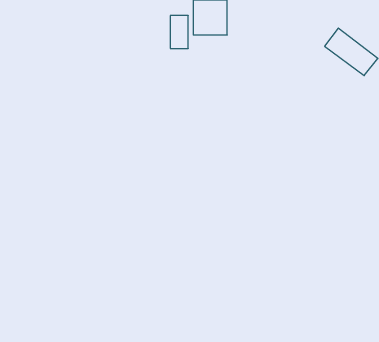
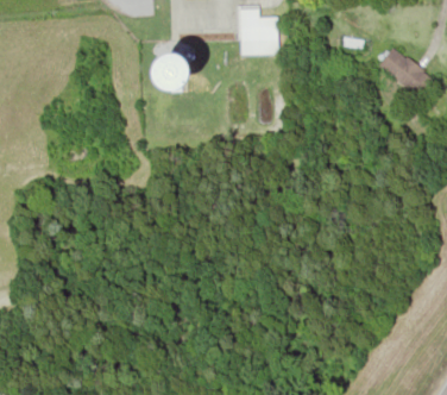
building: [170,16,188,48] -> [164,56,183,90]

